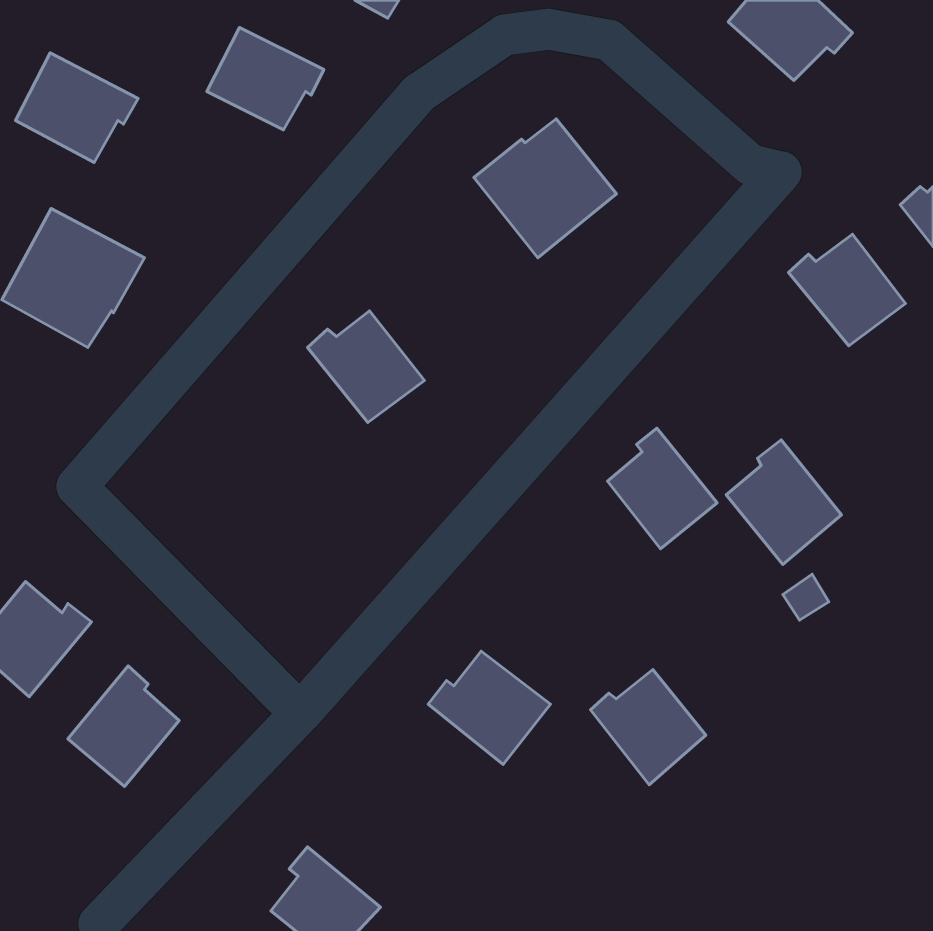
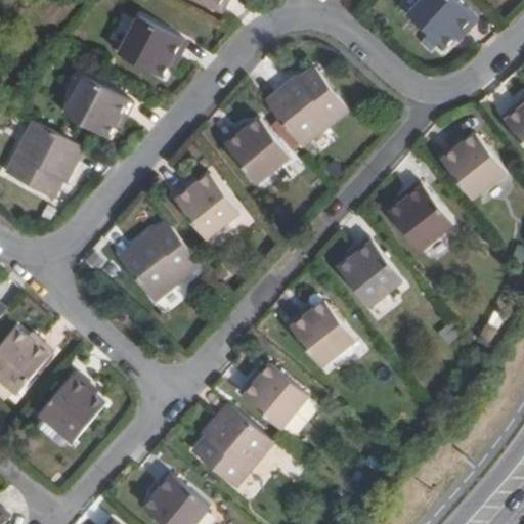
building: [16,53,138,163] -> [59,77,128,138]
building: none -> [221,120,287,184]
building: none -> [119,221,201,300]
building: [726,440,842,564] -> [388,182,452,252]
building: [591,669,706,785] -> [289,302,353,366]
building: none -> [193,405,272,488]

